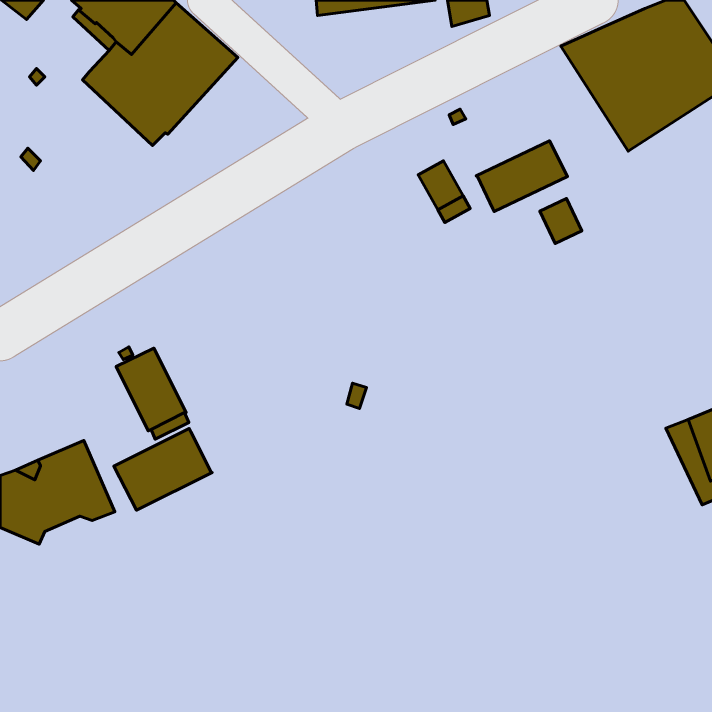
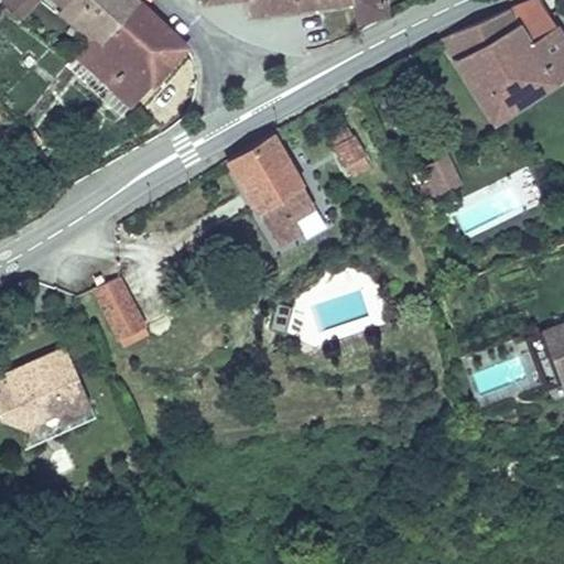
building: [476,141,567,212] -> none
building: none -> [230,133,315,245]
building: [114,428,212,510] -> none

